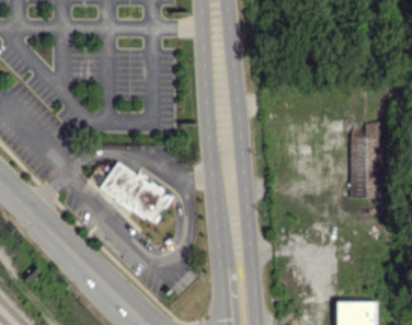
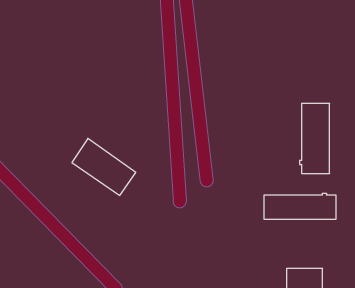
building: none -> [264,193,336,219]

